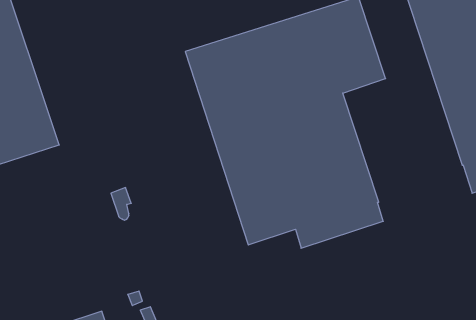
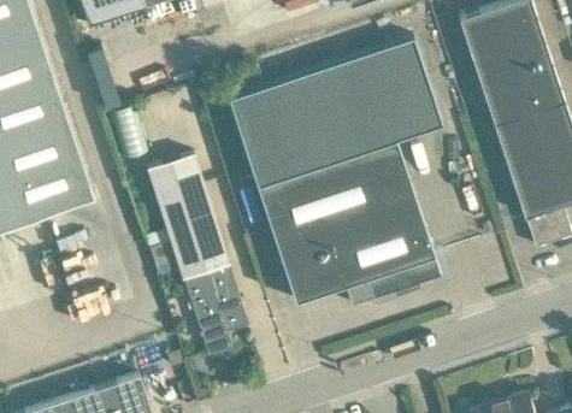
building: none -> [147,152,247,354]

